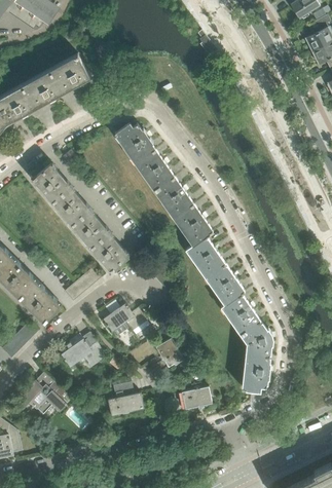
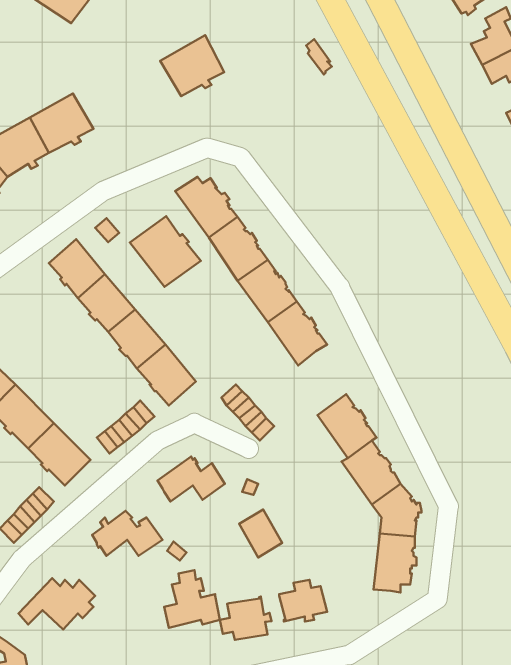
building: [48,53,89,92] -> [160,35,224,96]
building: none -> [130,216,201,287]
building: [186,235,224,276] -> none
building: none -> [220,596,271,640]

